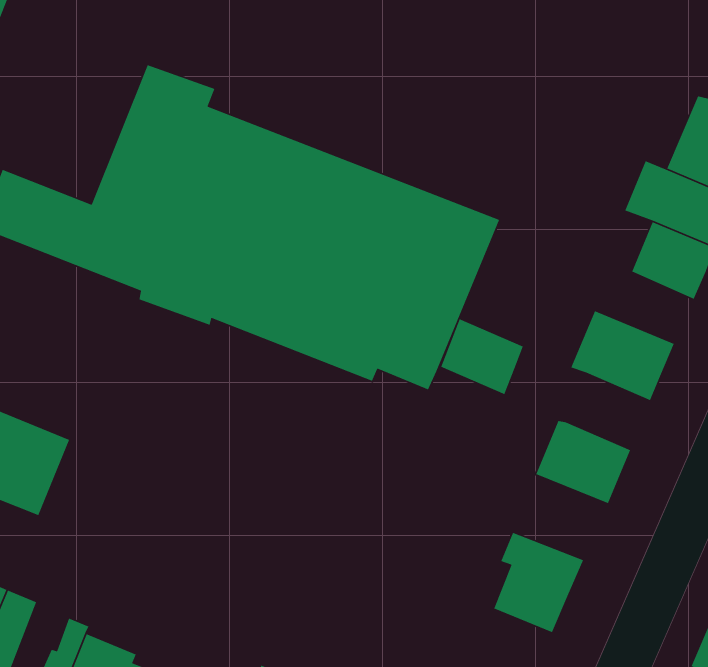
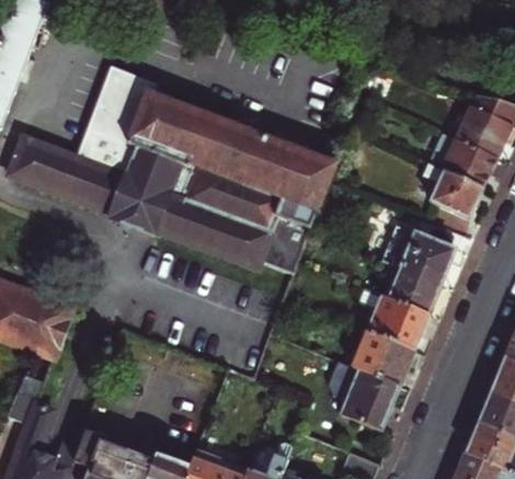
building: [440,318,524,395] -> [387,265,439,313]
building: none -> [353,329,413,383]

